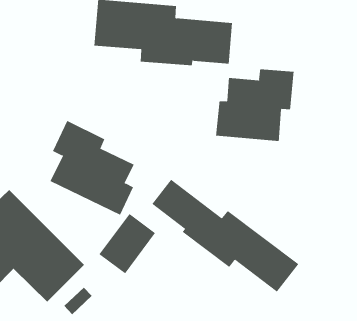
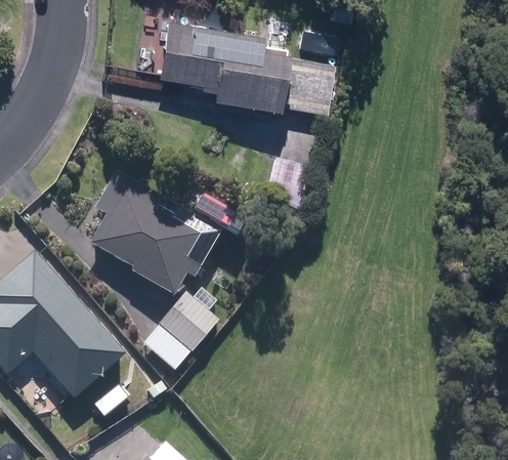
building: [216,68,294,142] -> none
building: [152,179,299,293] -> none

